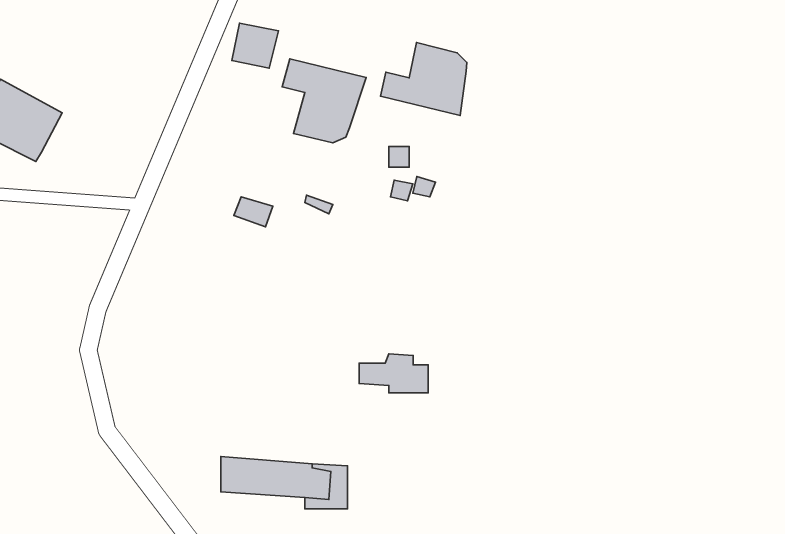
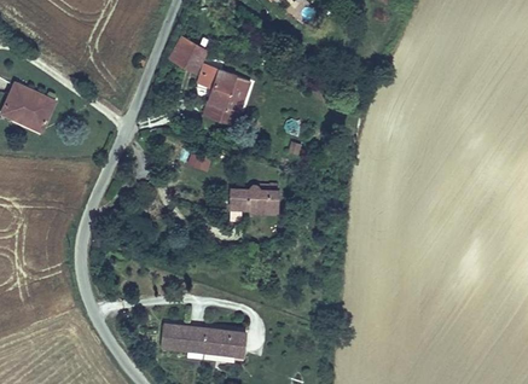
building: [380,43,467,116] -> none
building: [359,354,428,393] -> [228,184,273,209]

